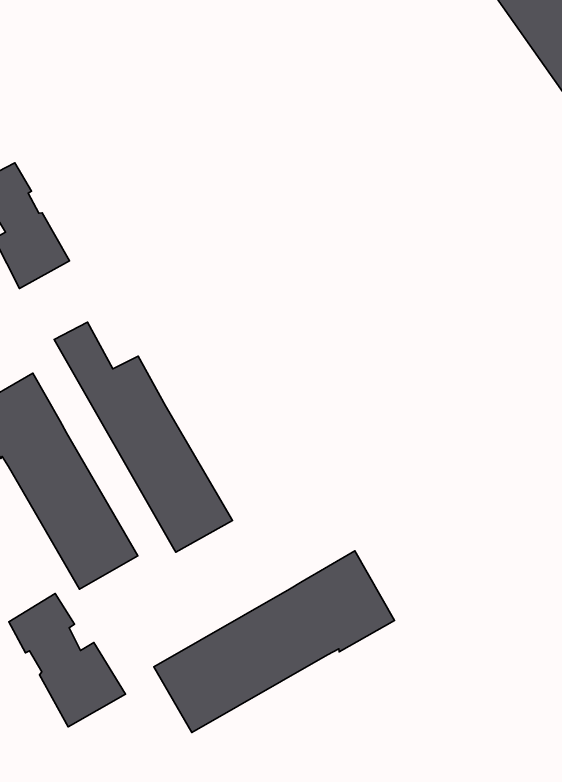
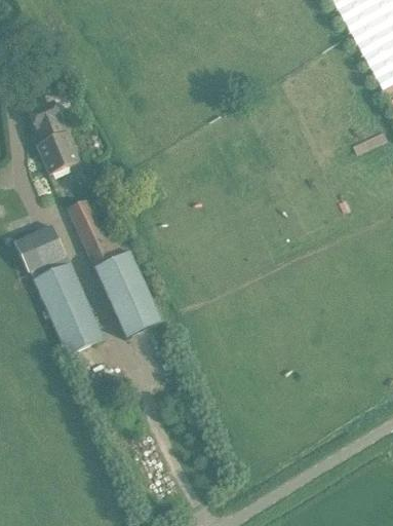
building: [154,551,395,733] -> none
building: [9,594,125,727] -> none

